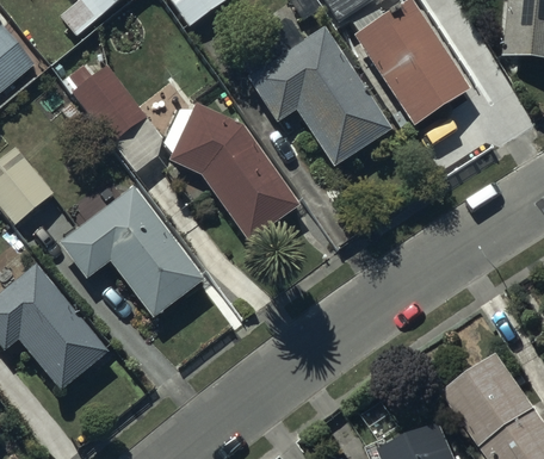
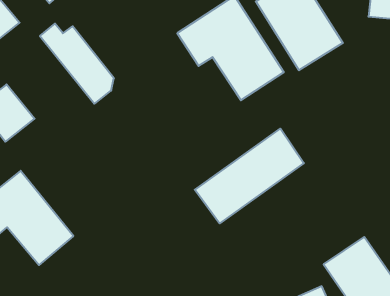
building: [163,97,298,240] -> none
building: [58,187,203,317] -> none
building: none -> [195,129,304,223]

